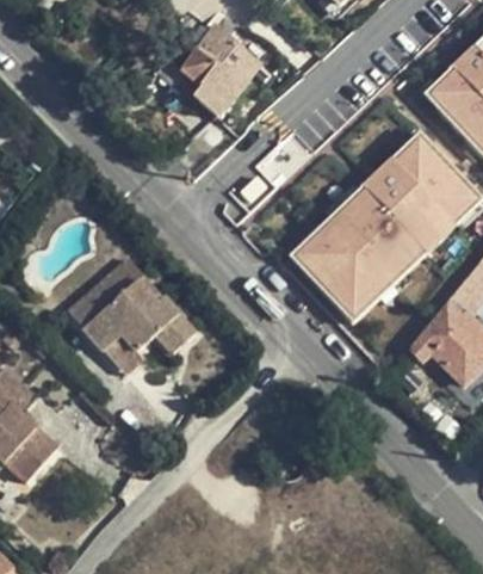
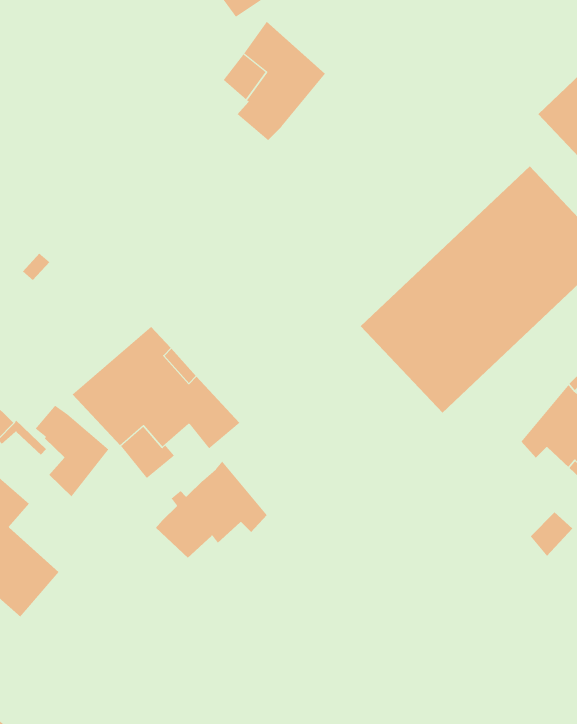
building: none -> [35,405,109,497]
building: none -> [155,461,267,558]

